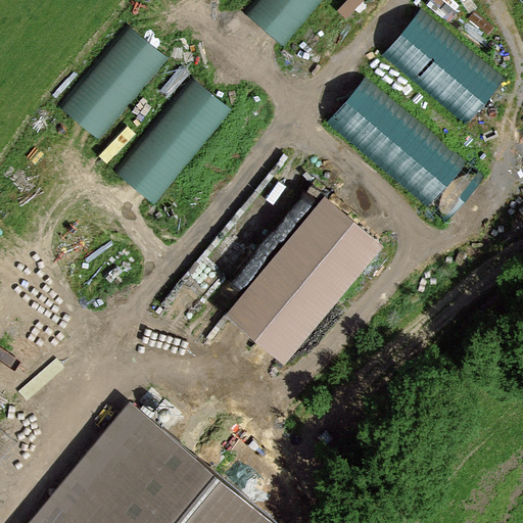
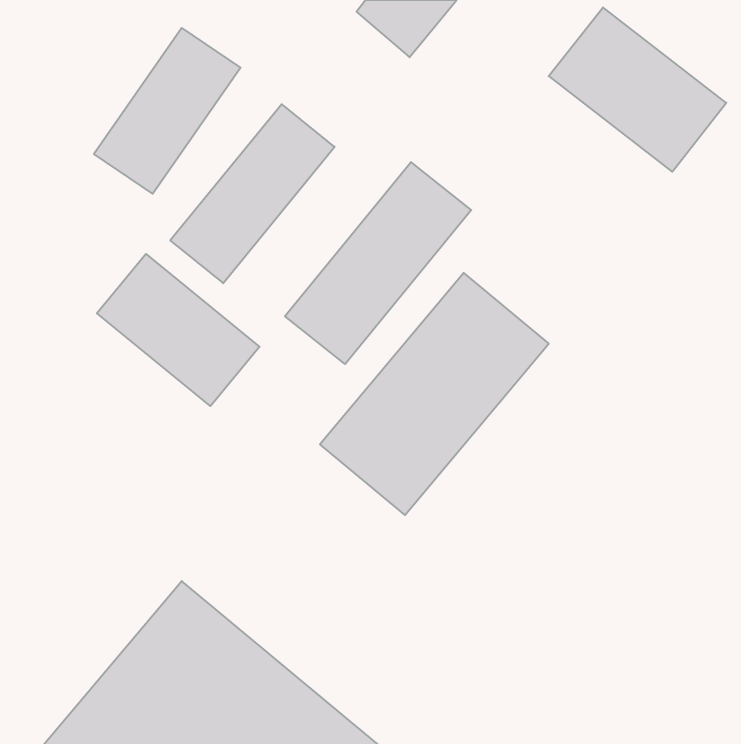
building: [328,78,468,207] -> none
building: none -> [285,162,471,364]
building: none -> [97,254,260,406]

